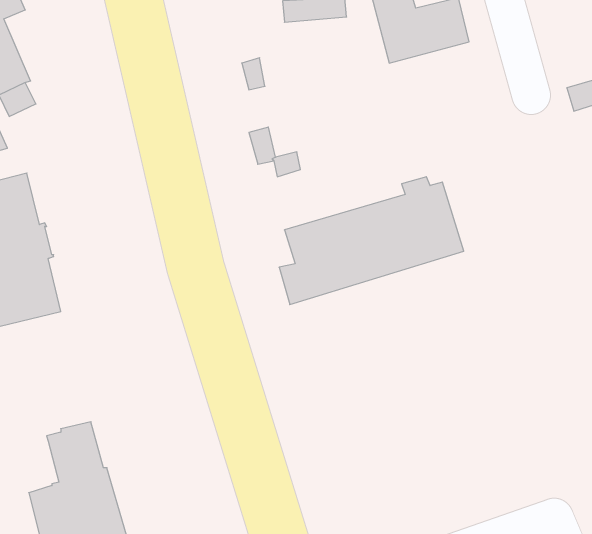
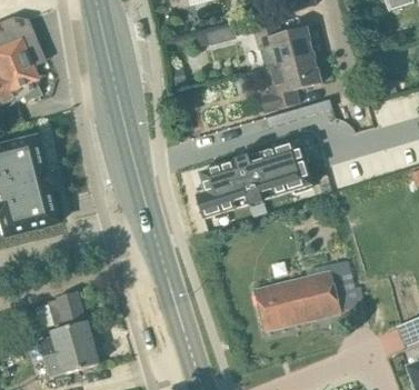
building: none -> [260,54,322,112]
building: none -> [256,259,356,330]

